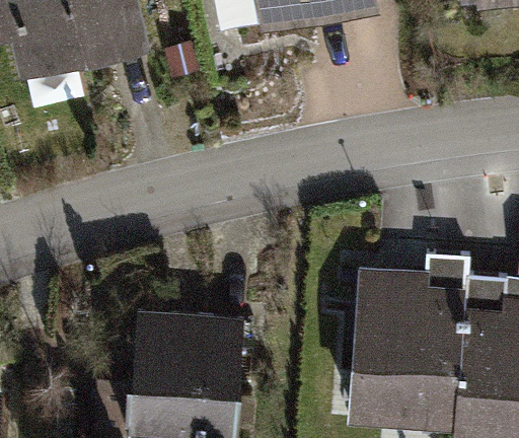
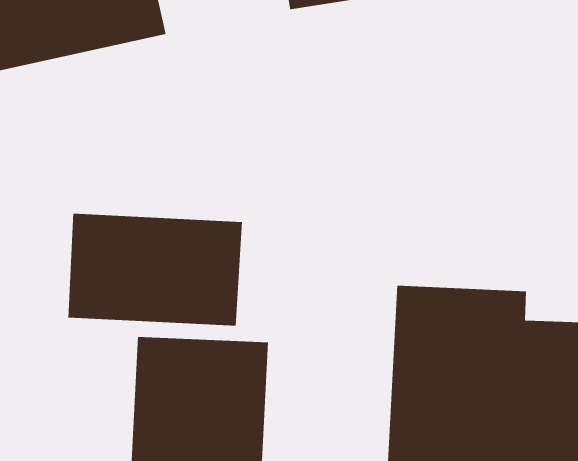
building: none -> [68,213,242,327]

